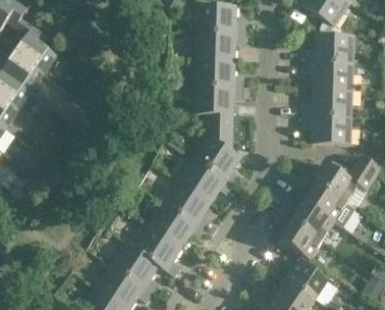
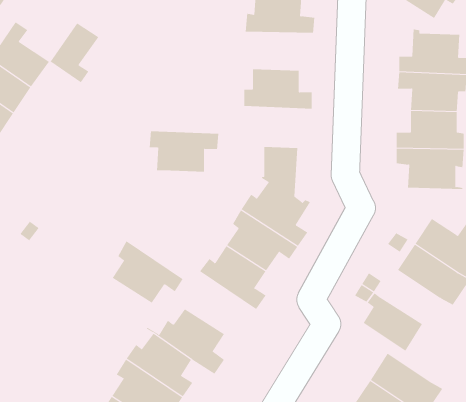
building: none -> [50,22,99,83]
building: [196,33,244,60] -> none
building: [194,86,243,115] -> [149,131,219,172]
building: [291,202,334,241] -> none
building: [153,203,204,248] -> [112,240,184,304]

